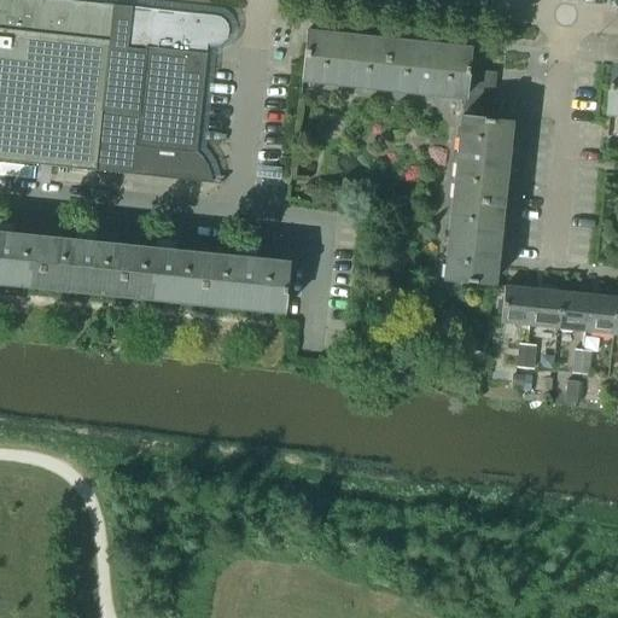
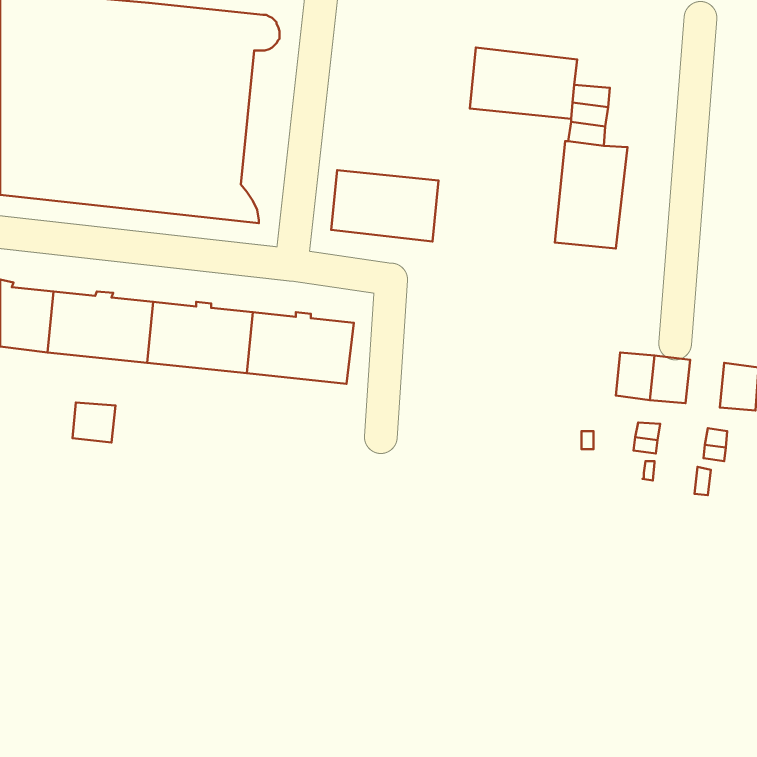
building: [302,30,389,88] -> [331,170,438,242]
building: [444,197,502,284] -> none
building: [559,292,590,331] -> none
building: none -> [72,402,115,443]

